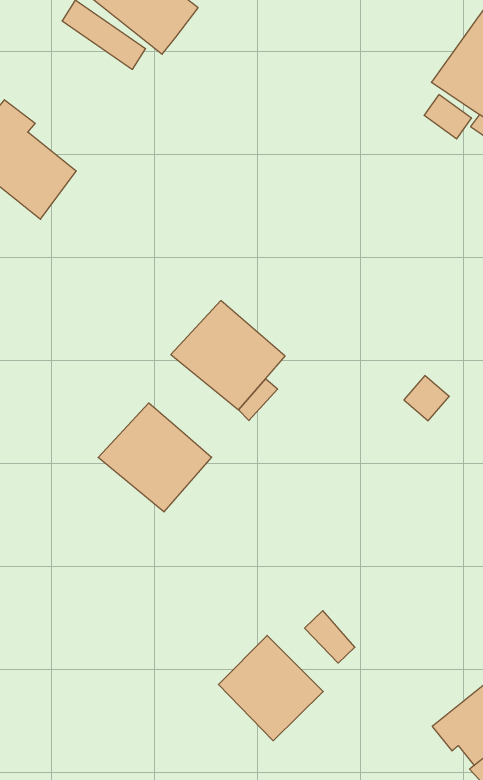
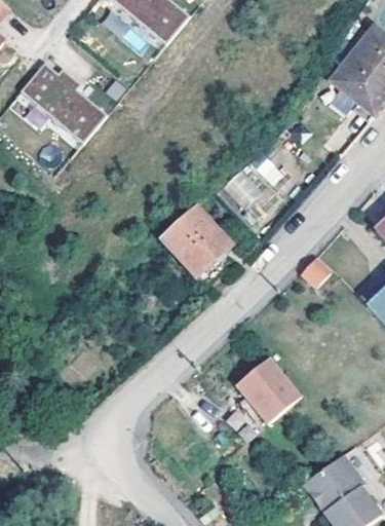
building: none -> [219,148,285,223]
building: [98,403,212,512] -> none
building: [218,635,323,741] -> [235,359,301,425]

